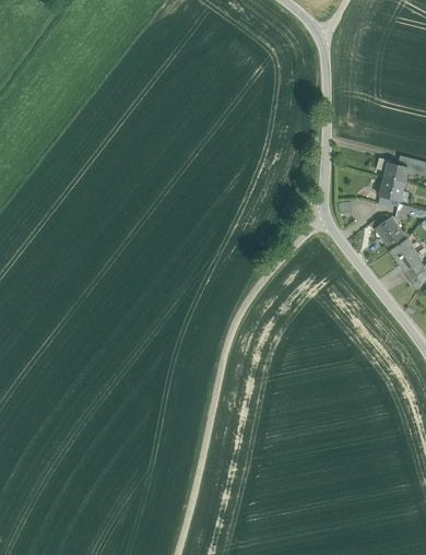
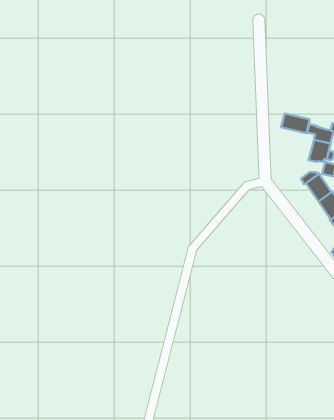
building: none -> [281,114,310,133]

